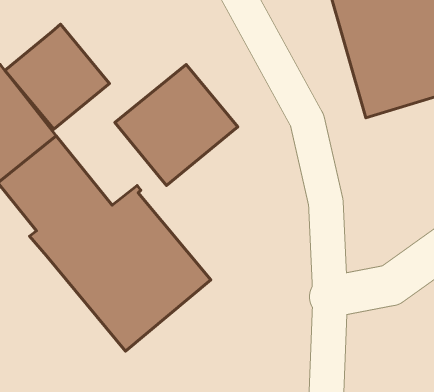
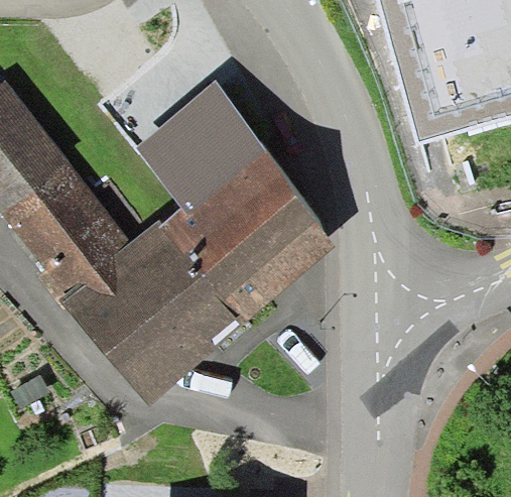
building: [5,24,109,129] -> none
building: none -> [160,156,339,325]

